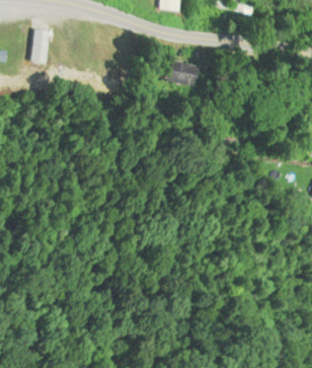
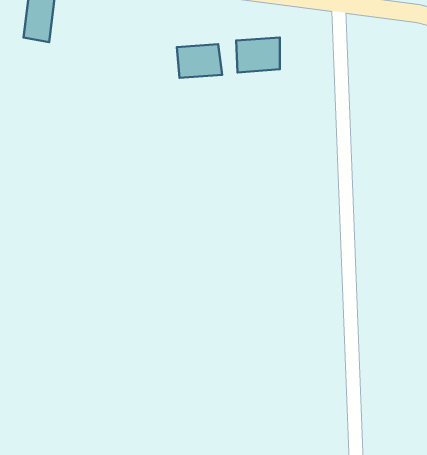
building: none -> [177,44,222,78]

